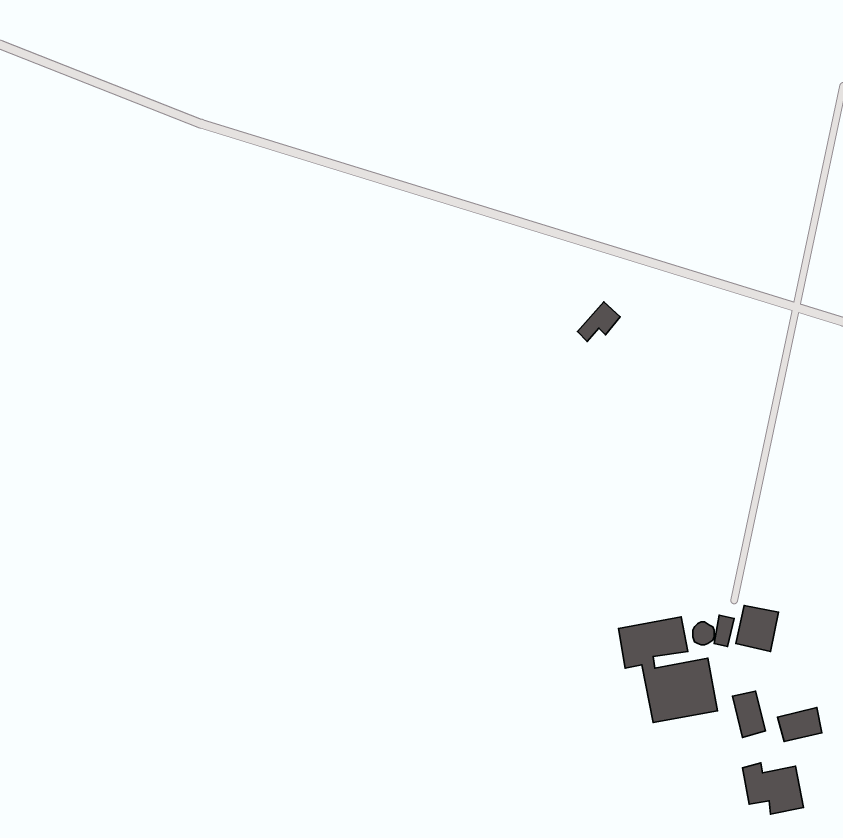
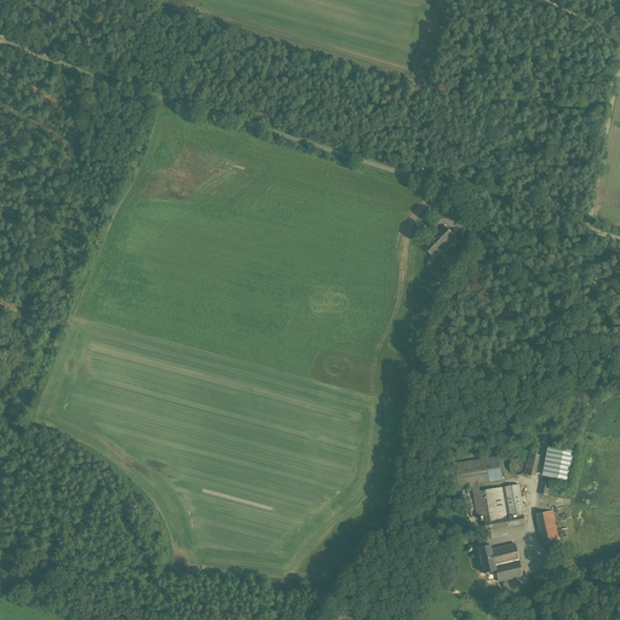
building: [778,708,822,741] -> none
building: [743,763,804,814] -> [476,541,521,579]

